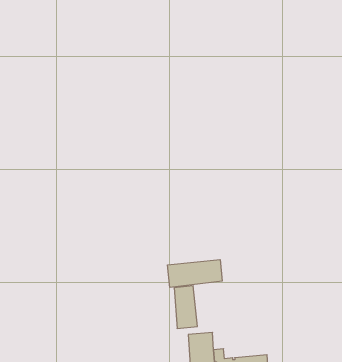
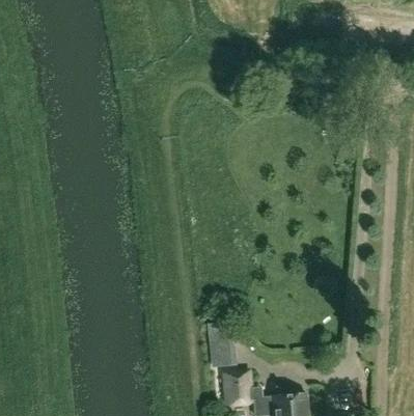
building: [168,260,222,287] -> none

